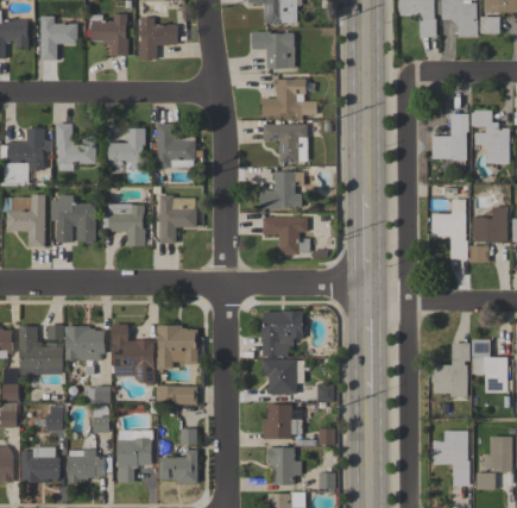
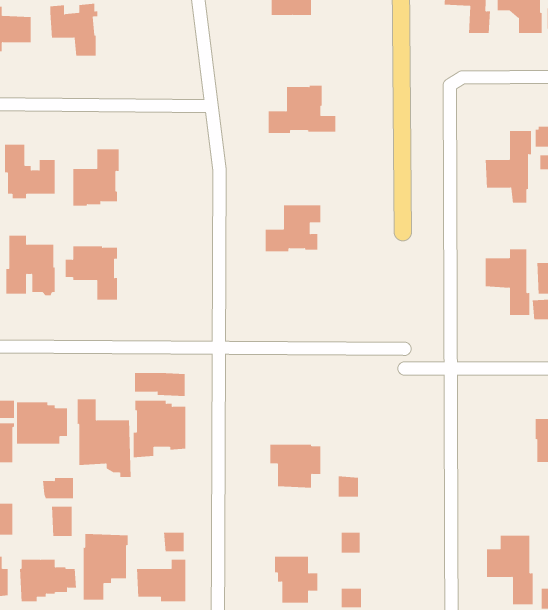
building: [139,17,177,58] -> none
building: [247,31,294,68] -> none
building: [157,123,195,168] -> none
building: [263,124,307,162] -> none
building: [159,195,196,243] -> none
building: [263,218,309,255] -> none
building: [260,311,305,356] -> none
building: [433,343,469,396] -> none
building: [156,385,196,404] -> [134,372,186,397]
building: [263,403,301,439] -> none

